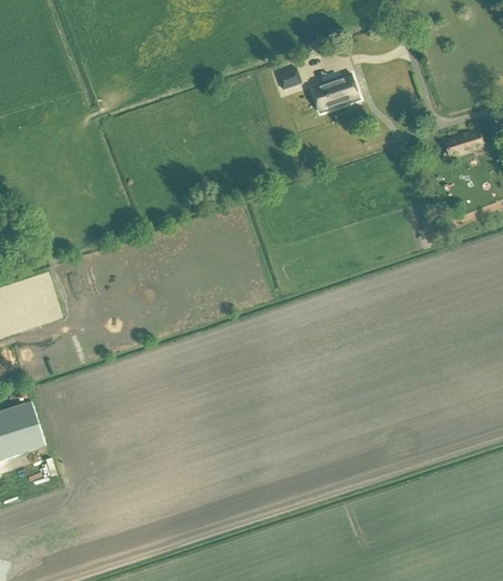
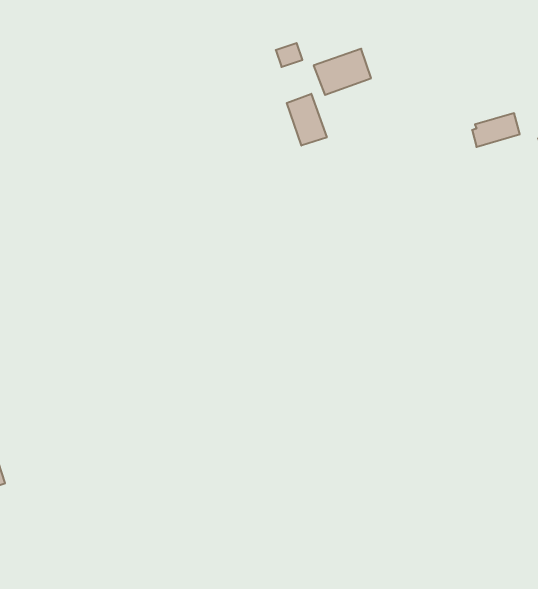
building: none -> [287,94,327,146]

